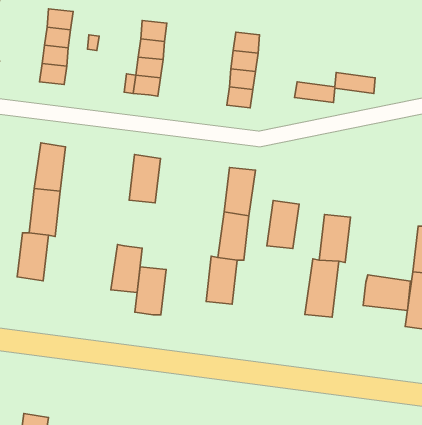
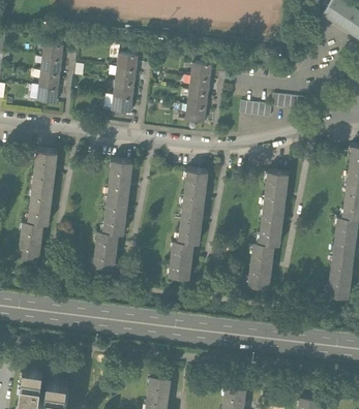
building: [267,200,299,249] -> [263,171,289,210]
building: [135,267,166,315] -> [103,196,128,234]
building: [363,275,410,311] -> none

